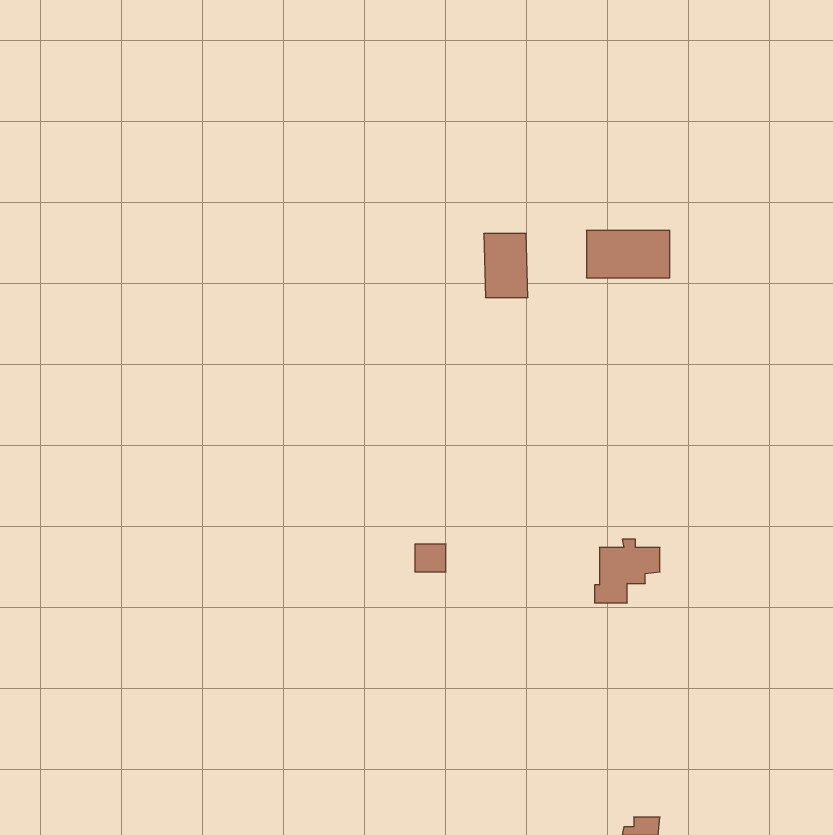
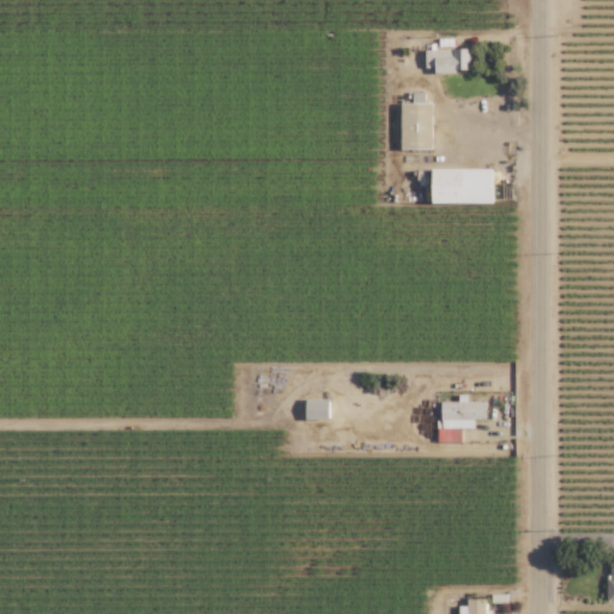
building: none -> [426,49,470,72]
building: [484,234,528,297] -> [401,103,433,150]

